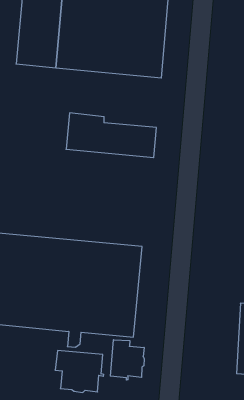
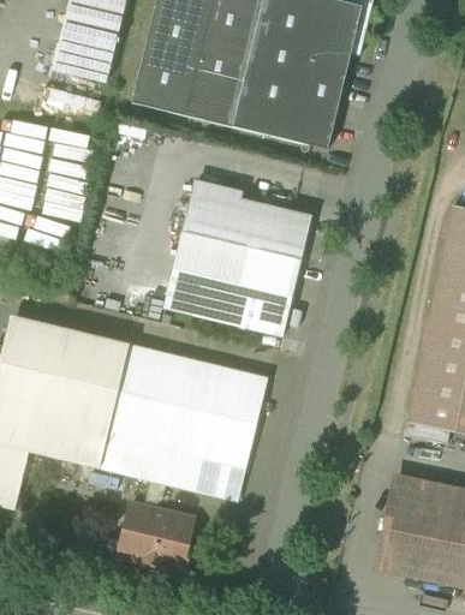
building: none -> [165,228,303,335]
building: [110,340,144,380] -> none

